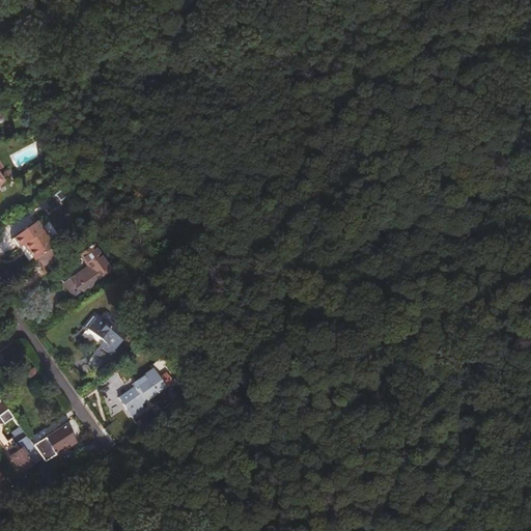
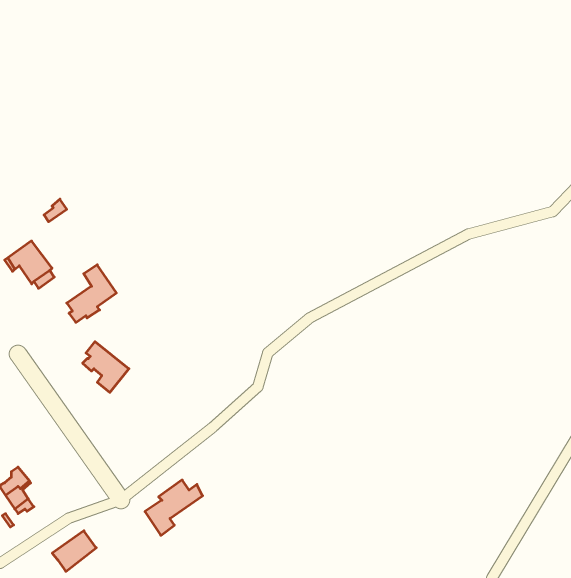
building: [119,365,172,416] -> [145,480,203,535]
building: [36,424,77,462] -> [52,531,96,571]

